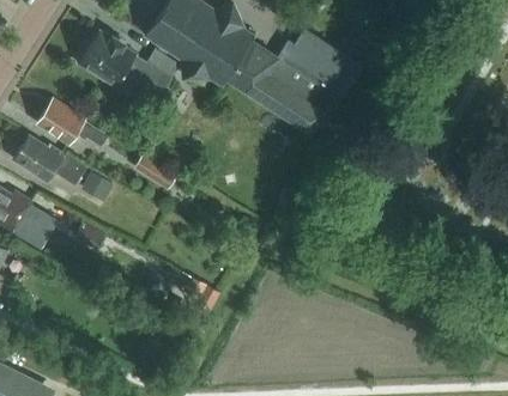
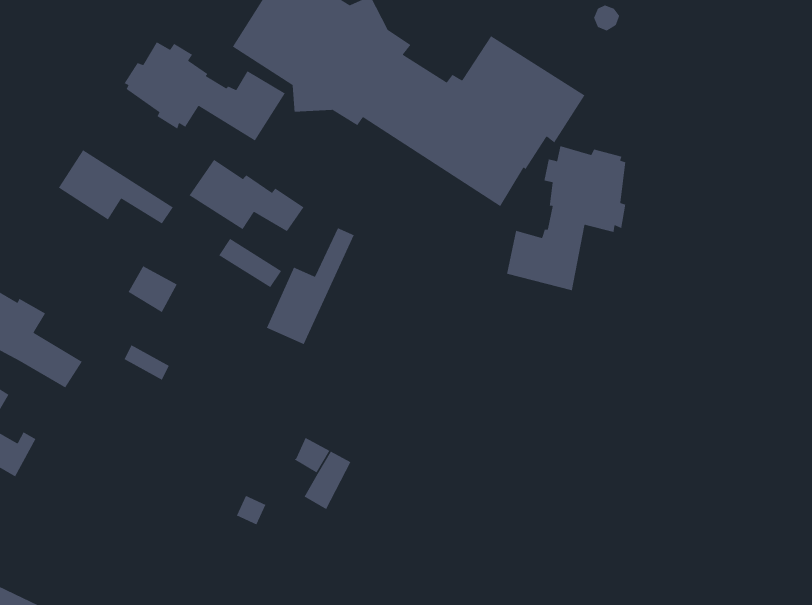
building: none -> [506,145,626,291]
building: [13,136,85,182] -> [189,159,305,232]
building: none -> [266,227,355,345]

